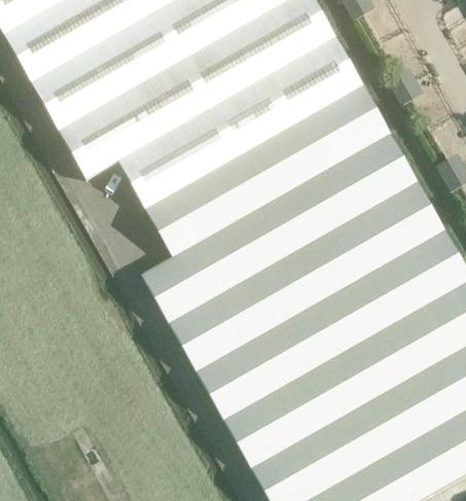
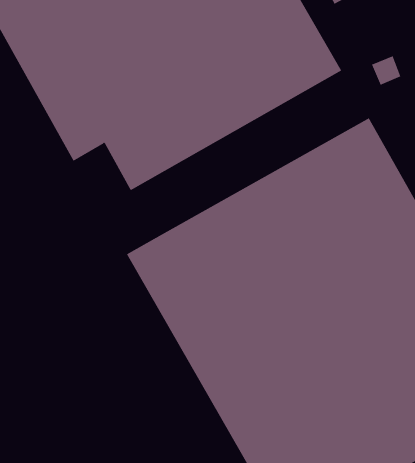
building: [147,87,392,259] -> none

